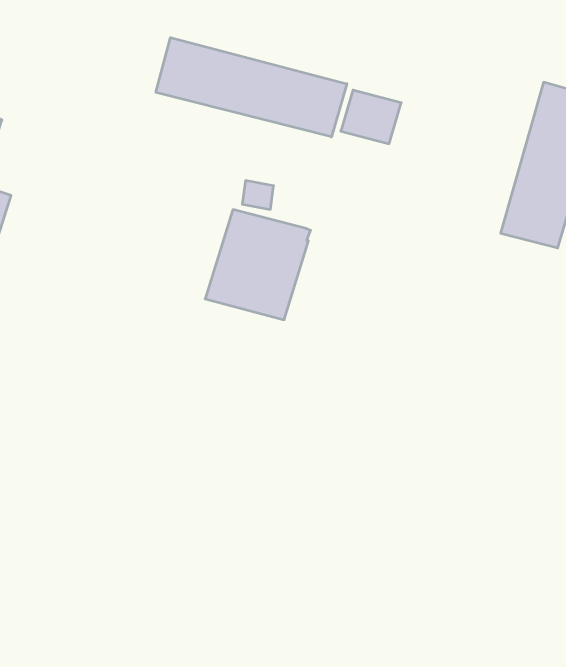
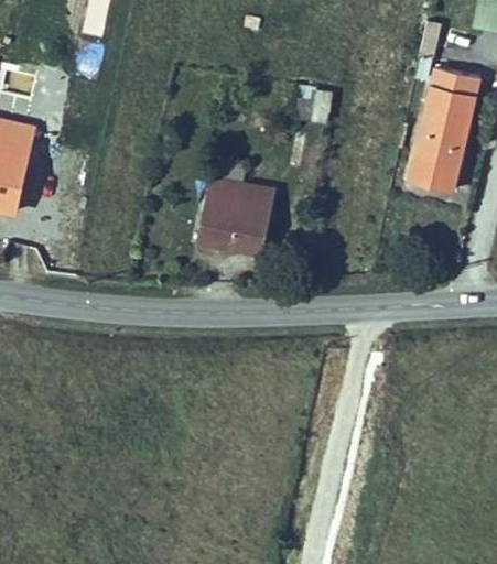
building: [156,38,347,137] -> none

